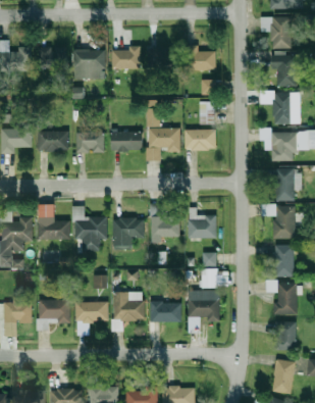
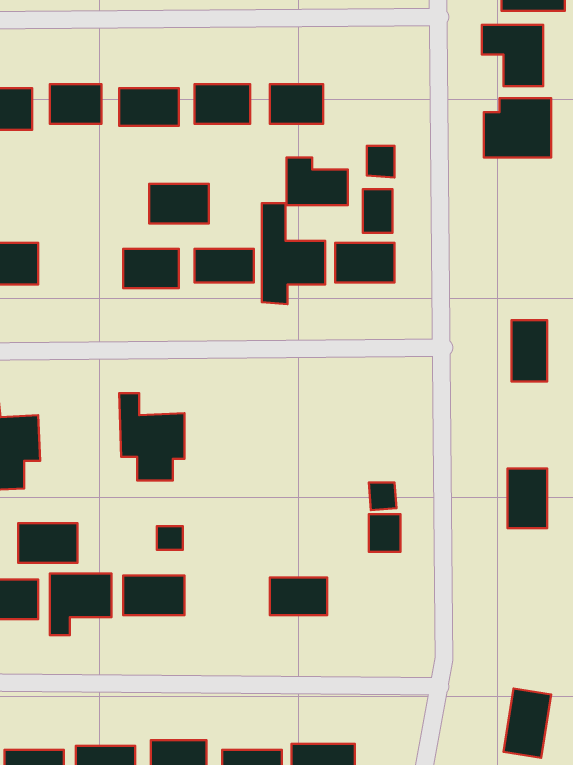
building: [185,45,216,69] -> [287,157,348,205]
building: [260,91,294,123] -> none
building: [38,130,68,150] -> [149,184,209,223]
building: [271,132,299,161] -> none
building: [150,203,179,237] -> none
building: [261,205,294,239] -> none
building: [188,214,216,238] -> none
building: [112,218,144,249] -> none
building: [39,219,69,240] -> [18,523,78,563]
building: [276,282,297,314] -> none
building: [113,291,144,323] -> none
building: [188,295,220,317] -> none
building: [275,320,297,349] -> none

